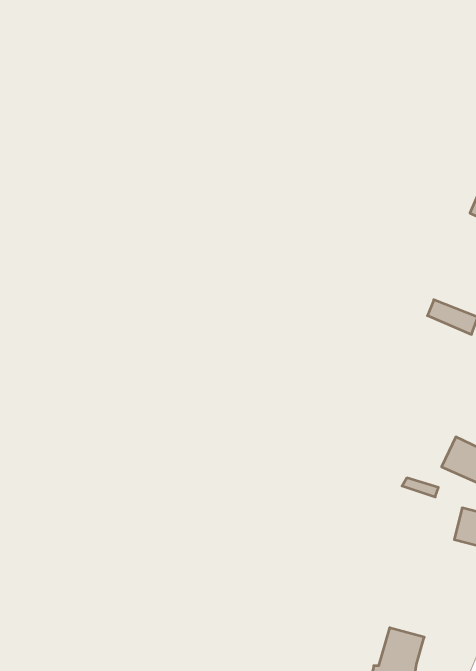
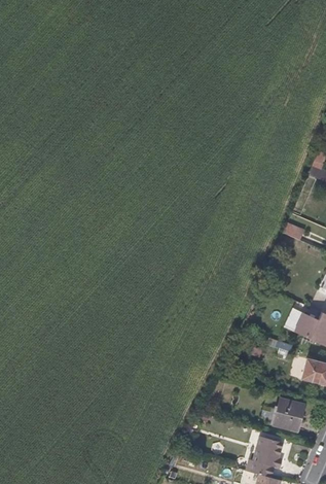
building: none -> [273,399,303,430]

